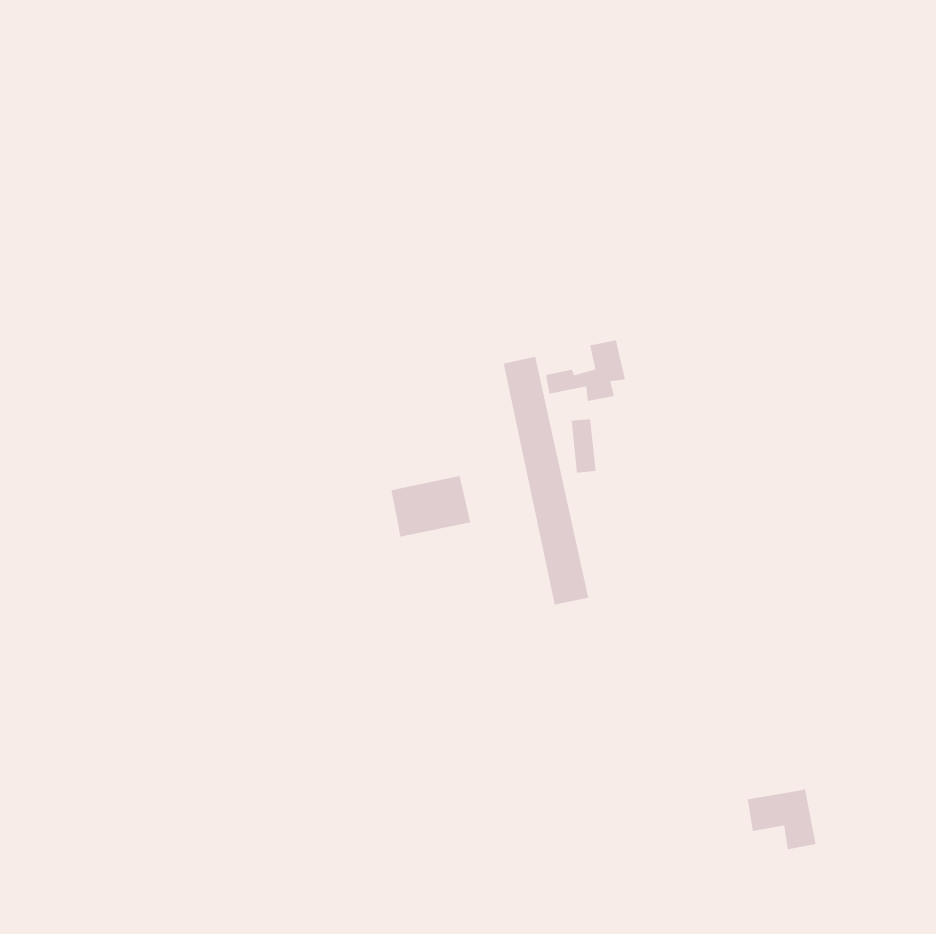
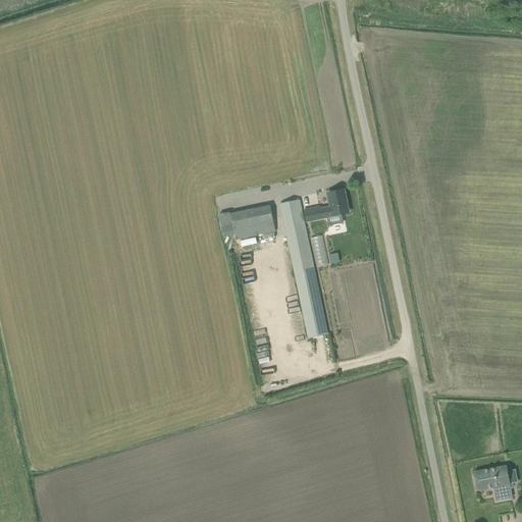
building: [390,475,471,538] -> [229,204,274,239]
building: [747,788,816,850] -> [473,464,512,499]

